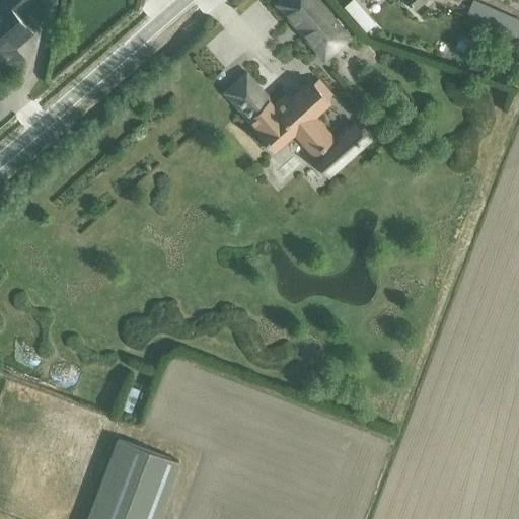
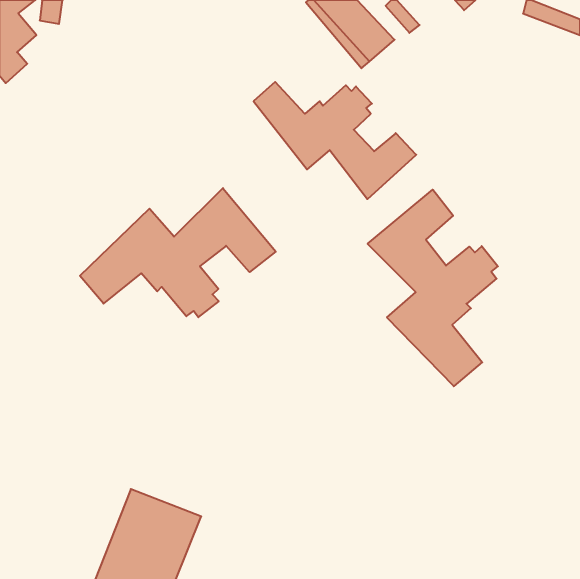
building: none -> [80,188,276,317]
building: none -> [368,190,498,386]

